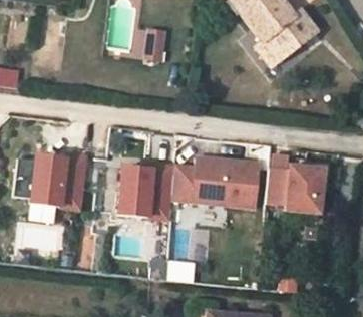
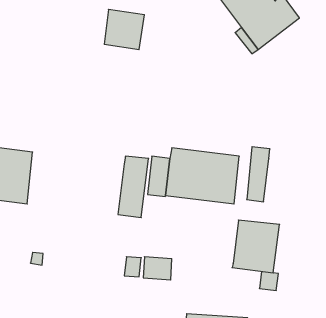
building: [58,151,86,210] -> none
building: [282,165,327,215] -> [232,220,280,273]
building: [112,166,150,218] -> none

